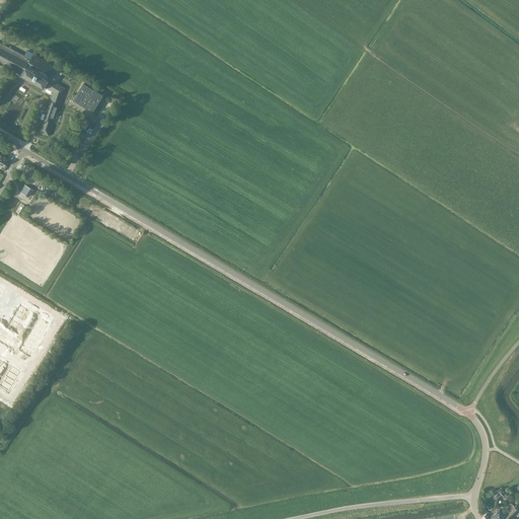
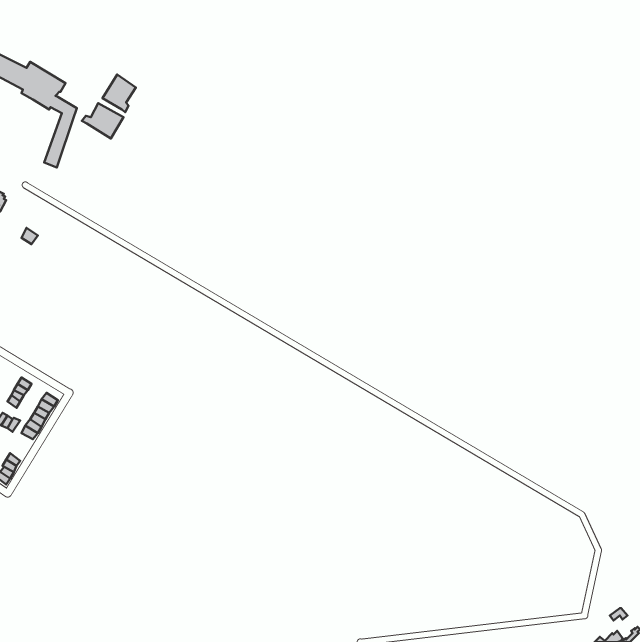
building: none -> [102,75,136,112]

